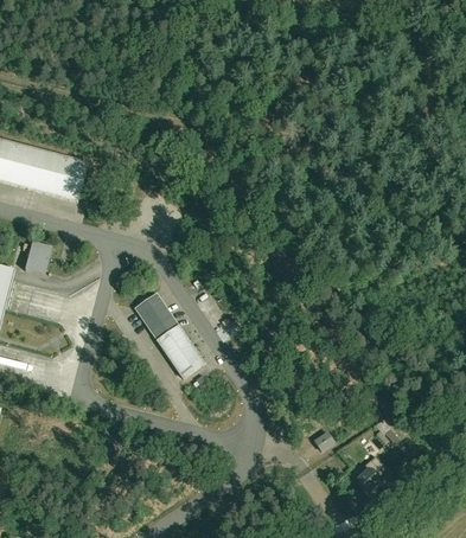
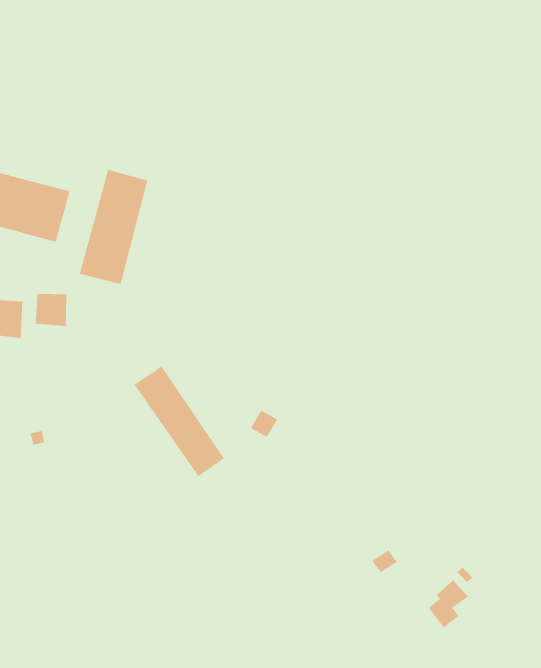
building: none -> [79,169,148,285]
building: none -> [35,293,67,327]

